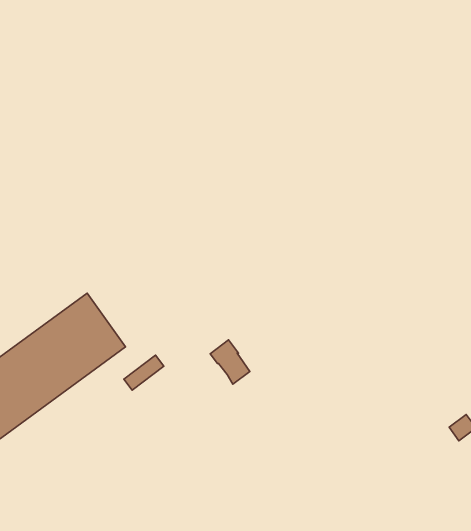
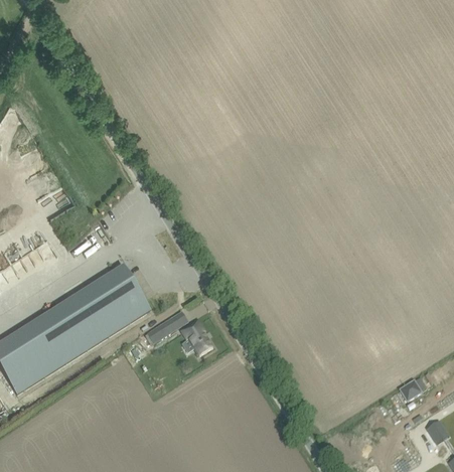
building: [210,340,250,384] -> [182,319,212,354]

